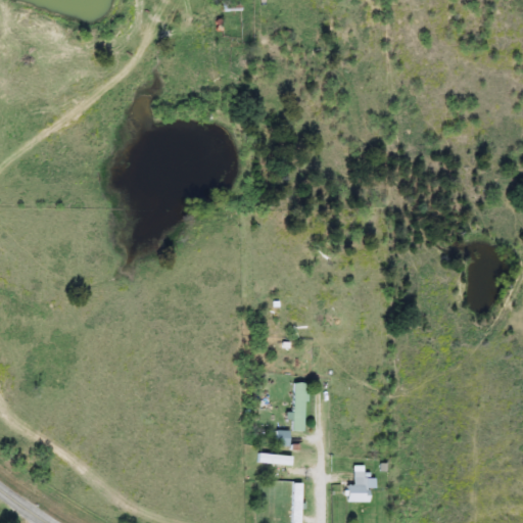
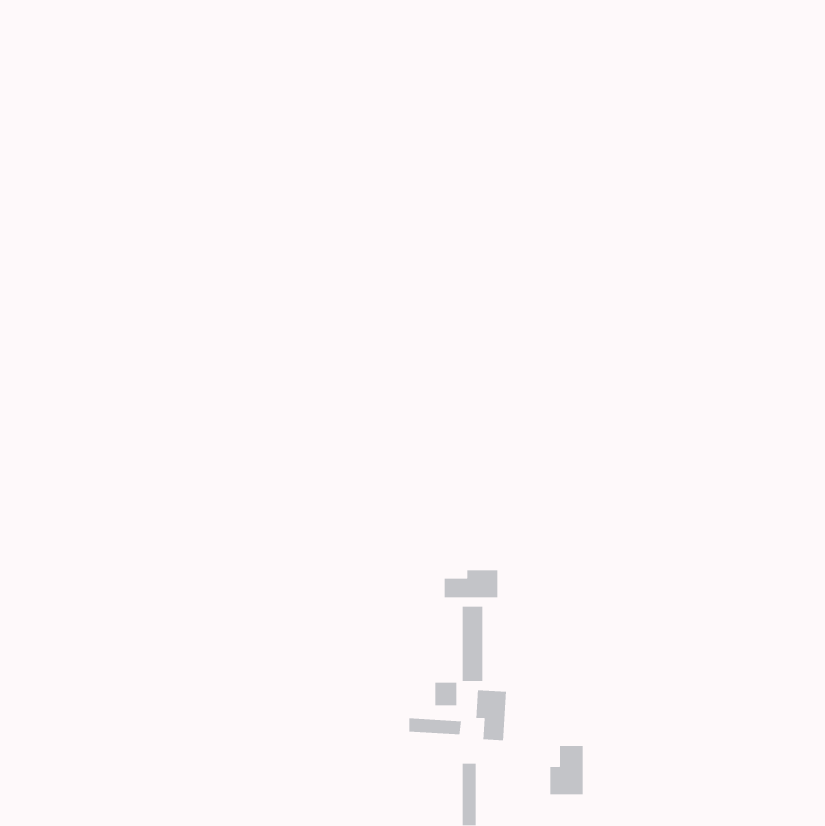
building: none -> [444,570,498,598]
building: none -> [475,689,507,741]

